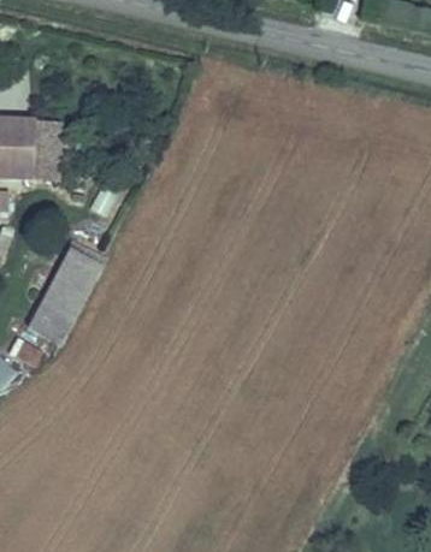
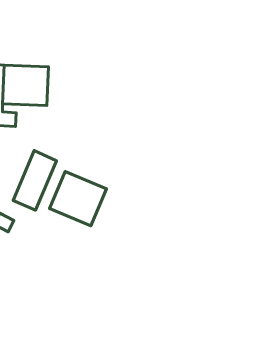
building: none -> [49,171,107,226]

